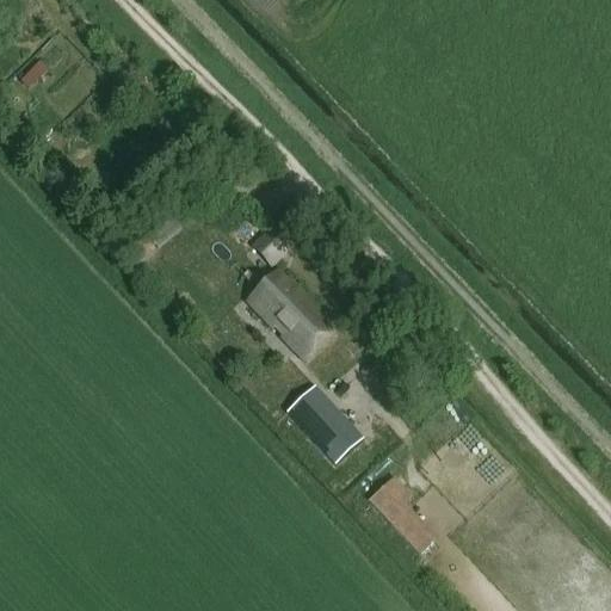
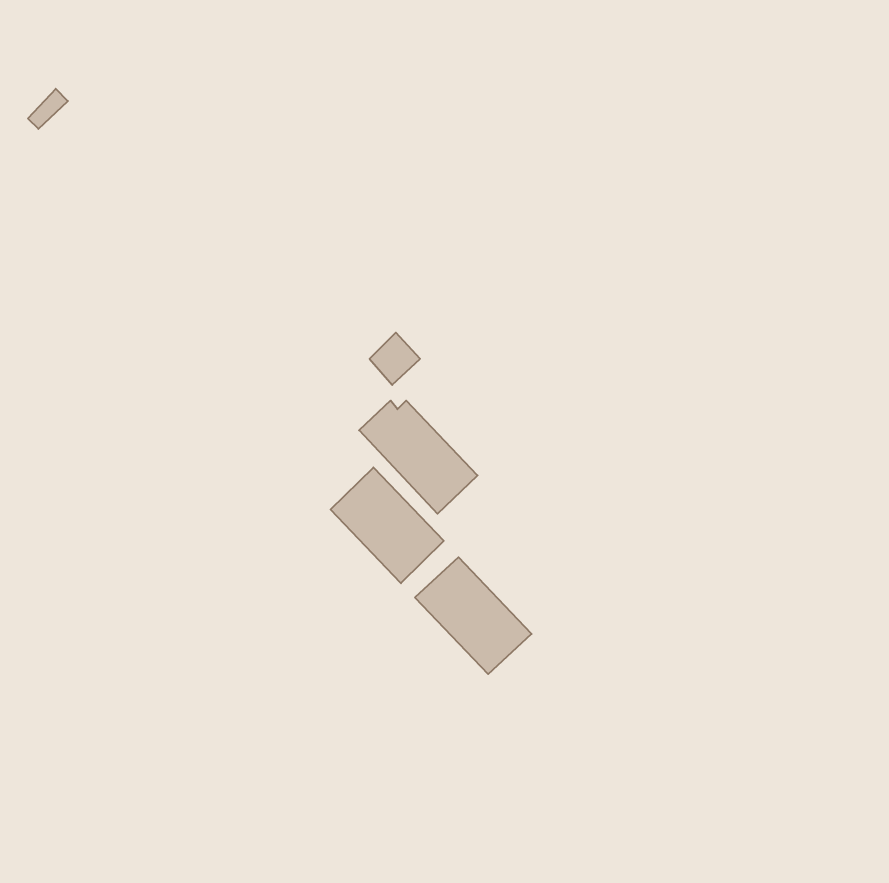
building: none -> [331,467,444,583]
building: [368,477,437,555] -> none

